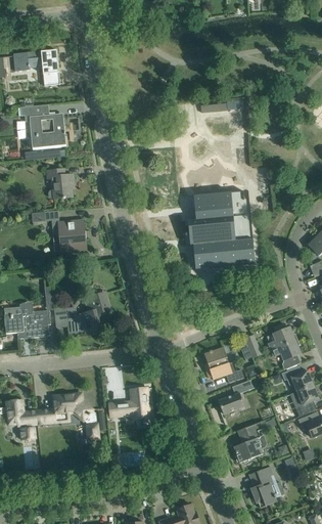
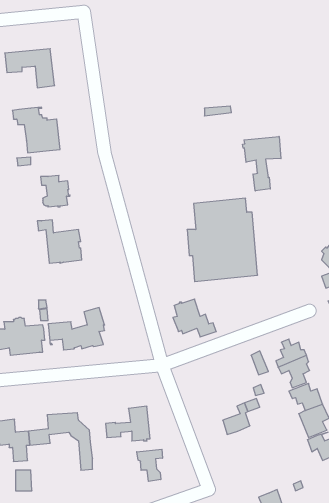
building: none -> [243,136,281,191]
building: [202,347,243,383] -> [173,299,216,337]
building: [233,422,266,464] -> none
building: none -> [137,449,162,481]

